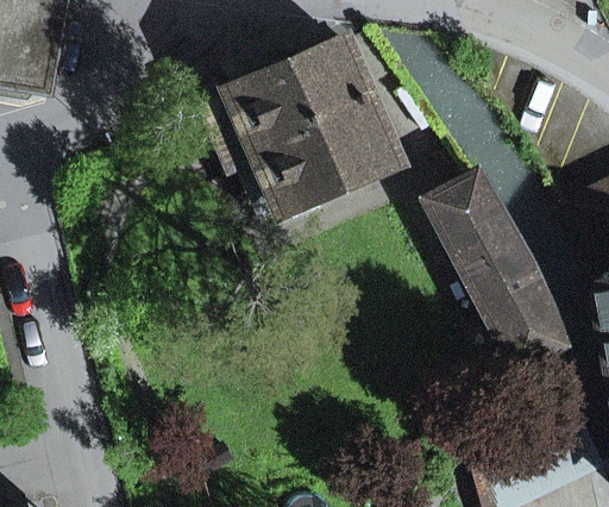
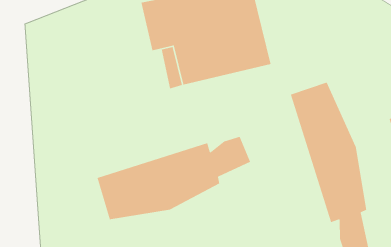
building: none -> [96,136,251,220]

